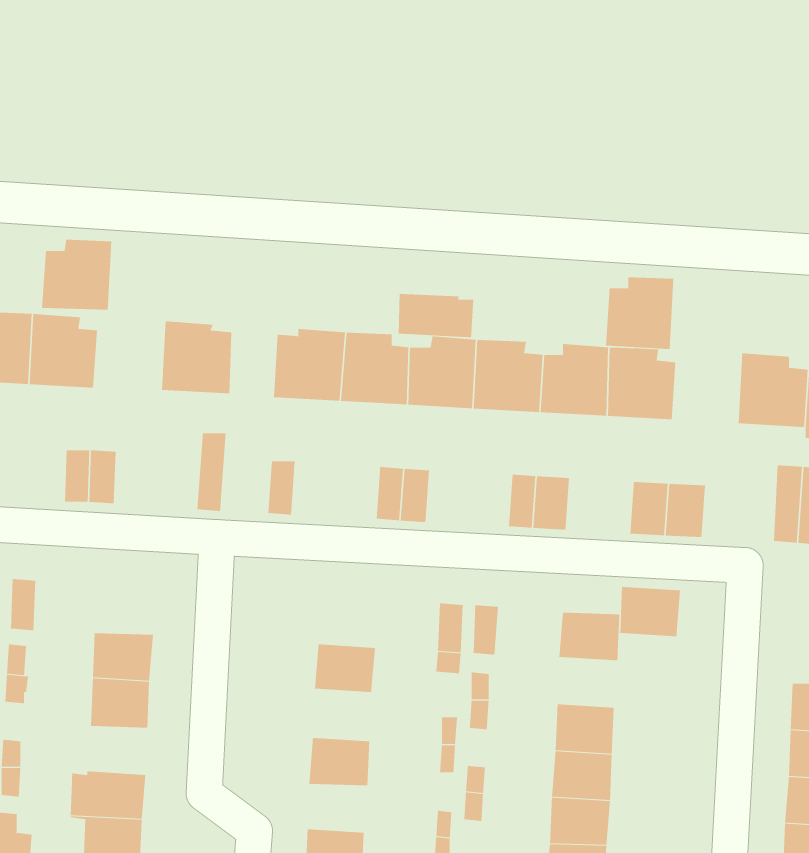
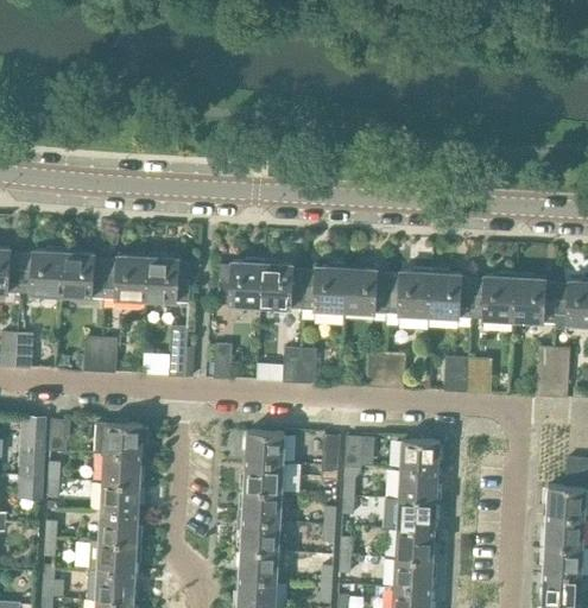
building: [41,239,112,310] -> [103,255,148,300]
building: [605,277,674,350] -> [472,276,516,322]
building: [398,293,474,338] -> none
building: none -> [94,424,147,456]
building: [619,586,681,637] -> [398,470,437,502]
building: none -> [246,432,284,464]
building: none -> [242,490,280,524]
building: none -> [99,514,138,545]
building: none -> [239,551,278,582]

